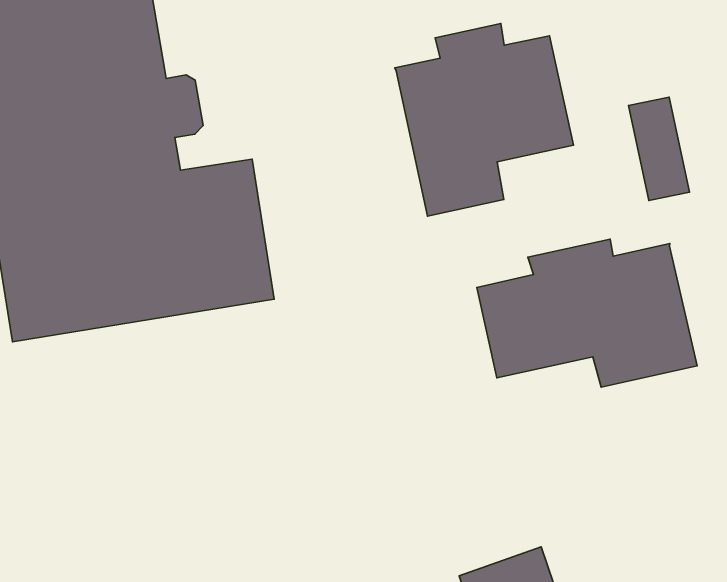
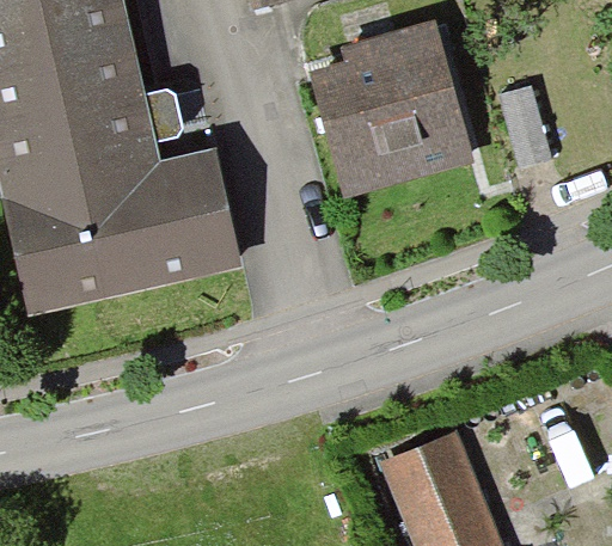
building: [477,239,697,387] -> none

